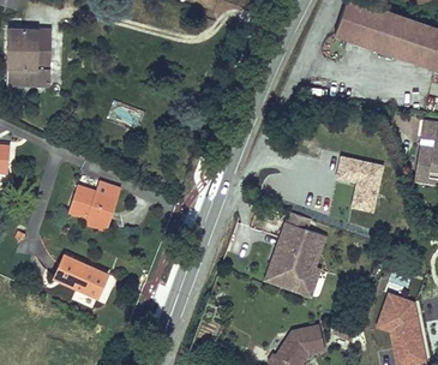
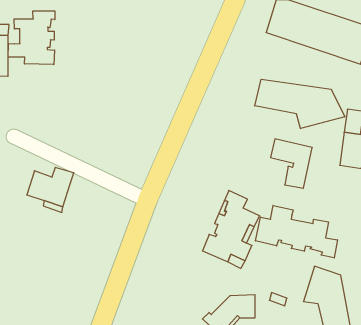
building: none -> [8,11,55,65]
building: none -> [255,79,345,129]
building: none -> [255,205,337,258]
building: [58,259,112,303] -> none

